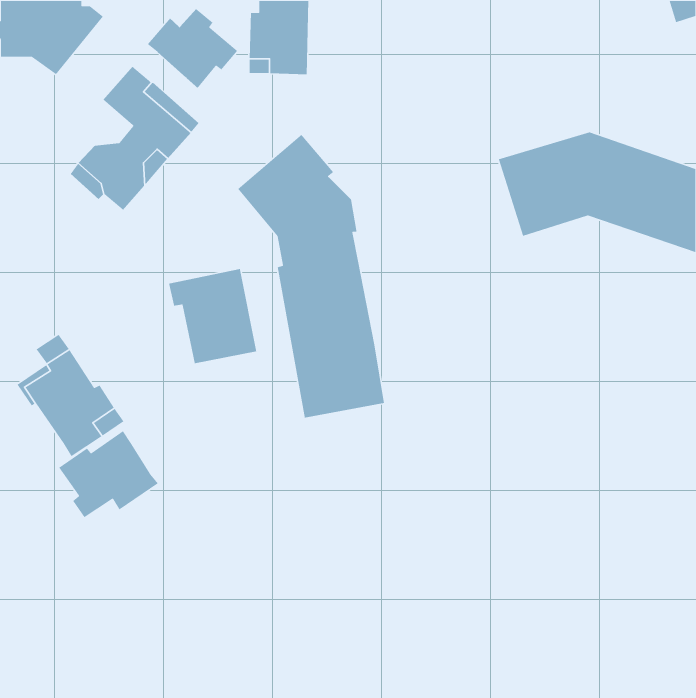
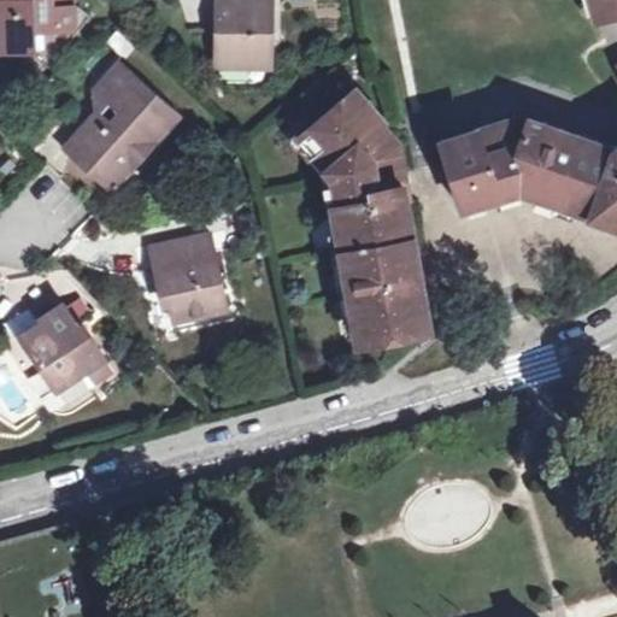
building: [147,8,238,89] -> none
building: [237,134,385,419] -> [296,89,427,340]
building: [58,430,159,518] -> none

